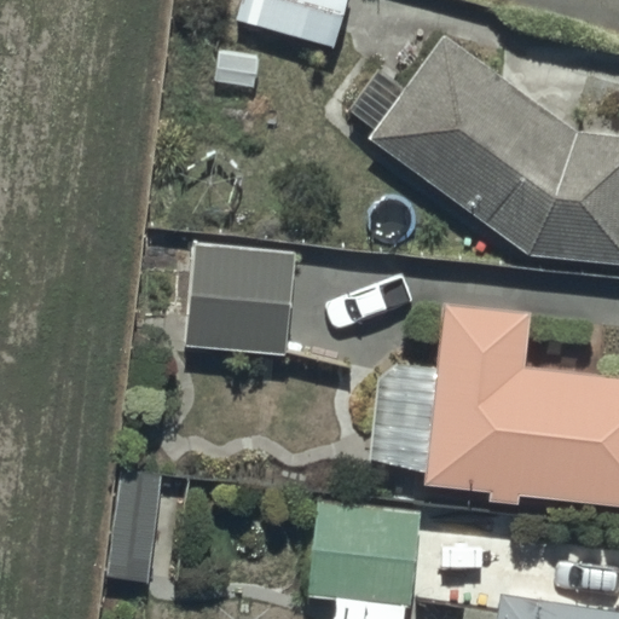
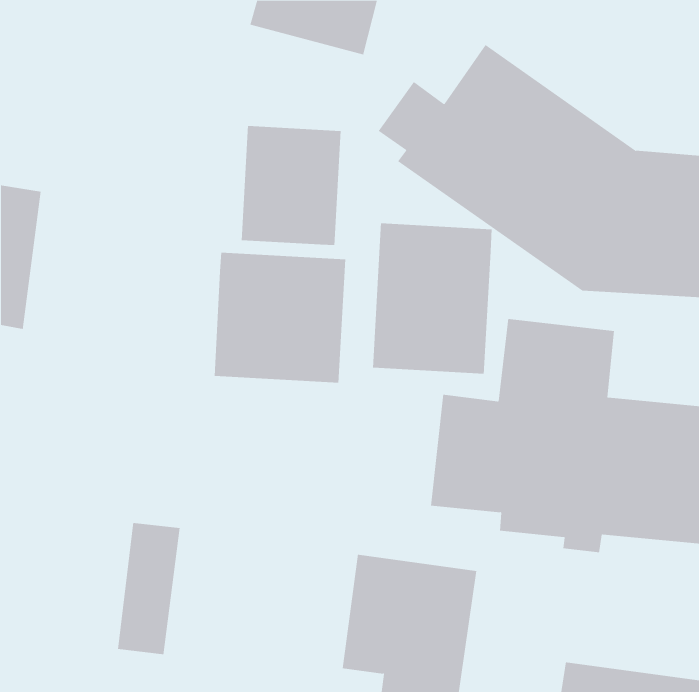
building: none -> [241,125,341,246]
building: none -> [372,223,492,374]

